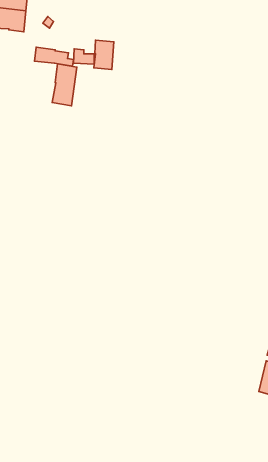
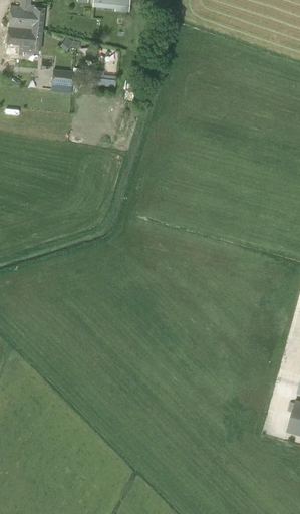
building: [94,40,114,70] -> none
building: [52,64,77,106] -> none

